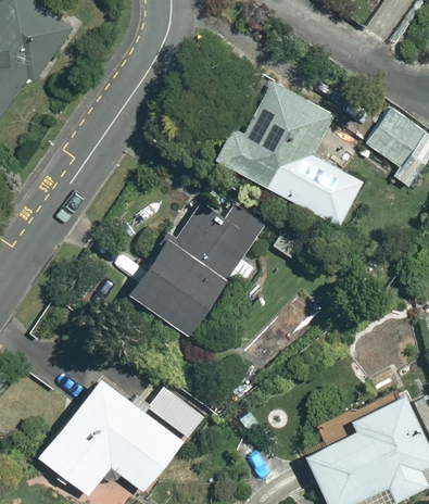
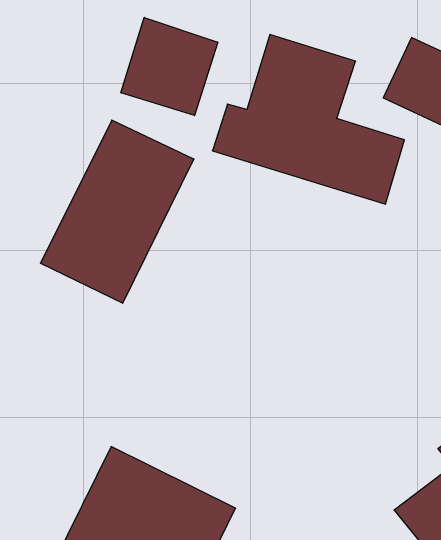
building: none -> [121,17,218,116]
building: [131,197,262,338] -> [40,120,194,303]

